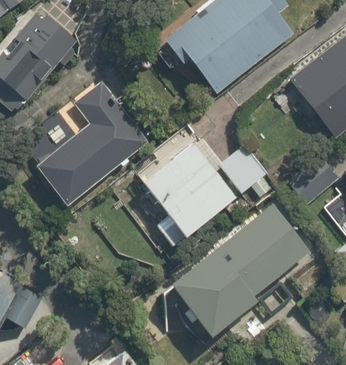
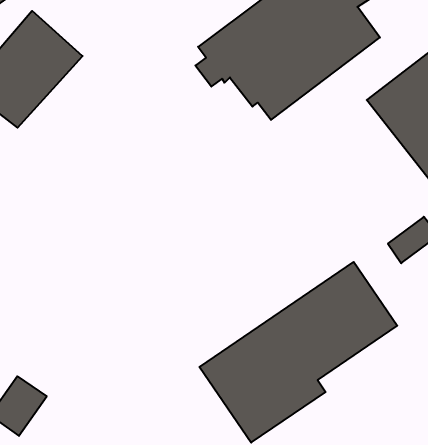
building: [33,80,146,206] -> none
building: [139,126,274,238] -> none

